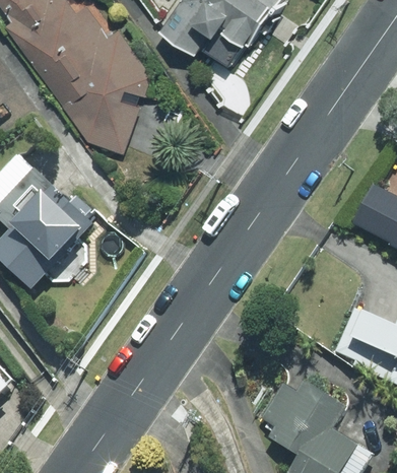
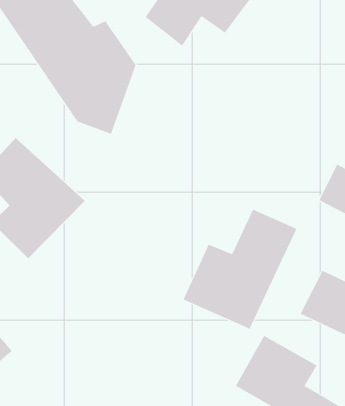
building: none -> [183,209,297,330]

